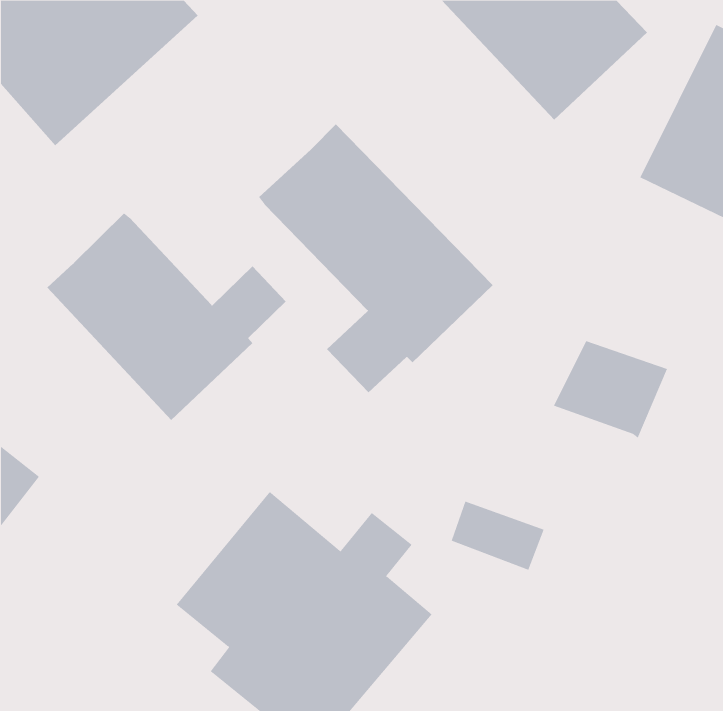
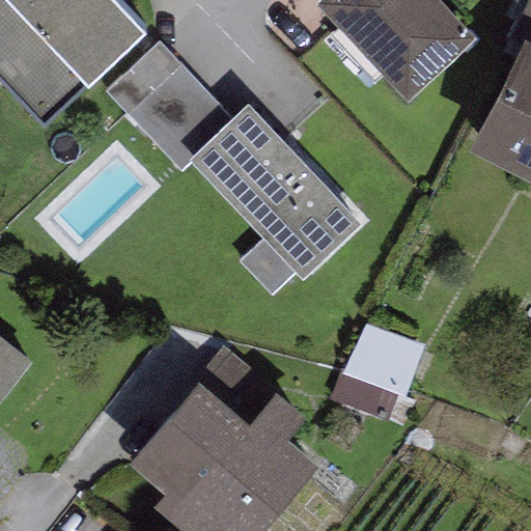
building: none -> [106,46,228,173]
building: [46,213,287,421] -> none
building: [553,341,668,439] -> [341,329,425,400]

